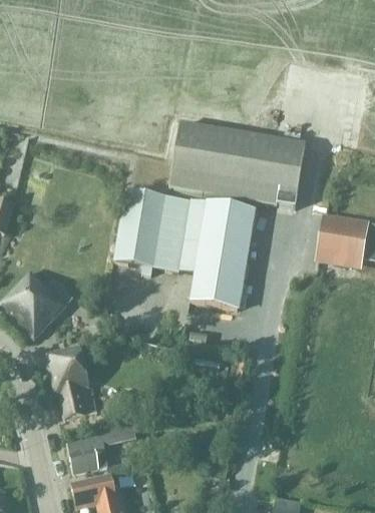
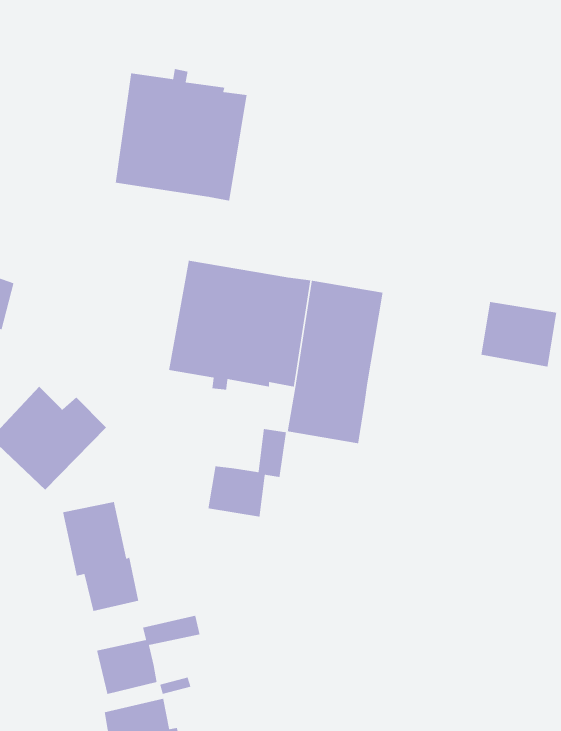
building: none -> [115,68,247,202]
building: [169,122,306,206] -> none
building: none -> [208,428,287,517]

